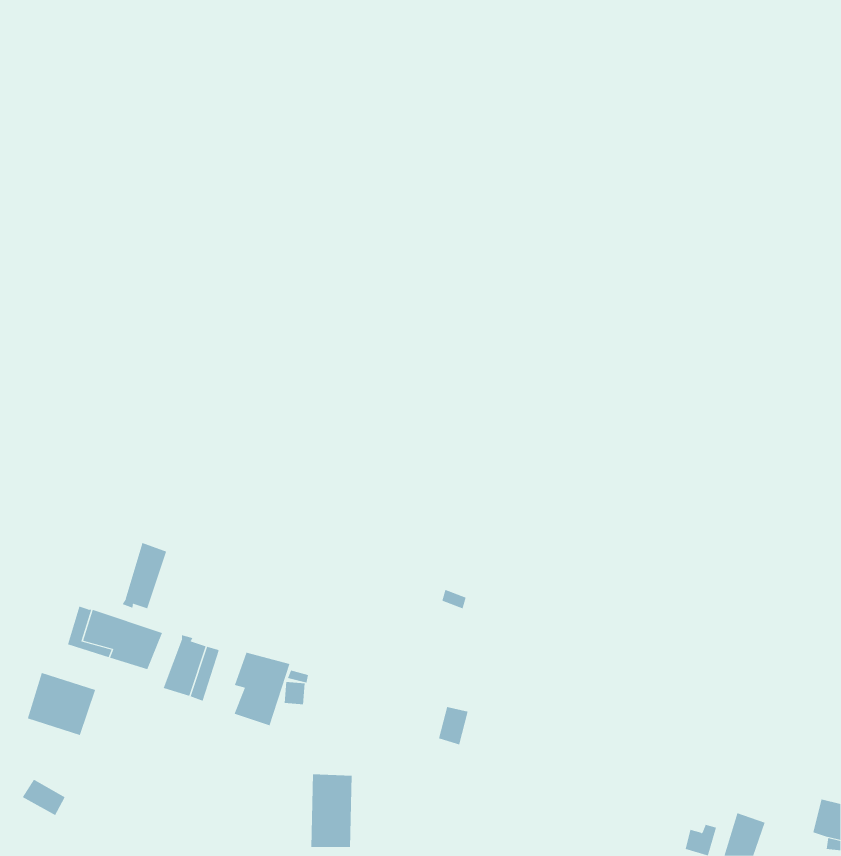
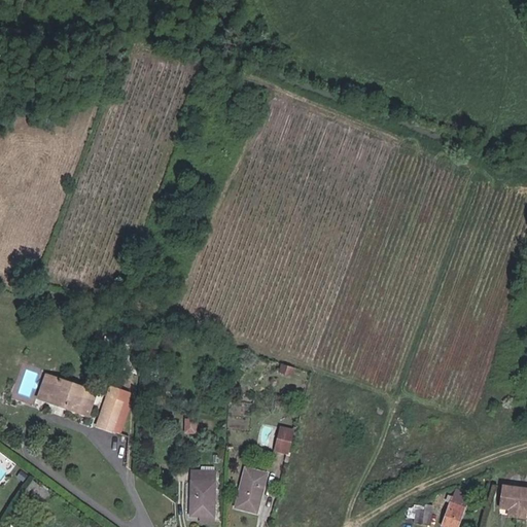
building: [122,542,167,609] -> none
building: [234,652,290,726] -> none
building: [27,672,96,736] -> none
building: none -> [236,469,257,510]

